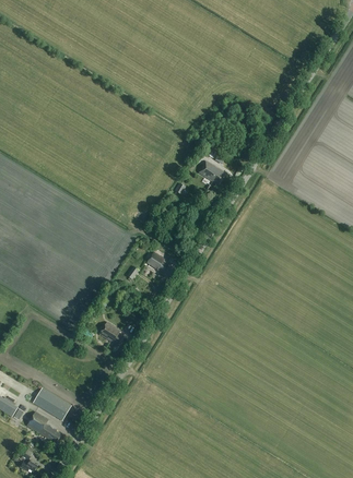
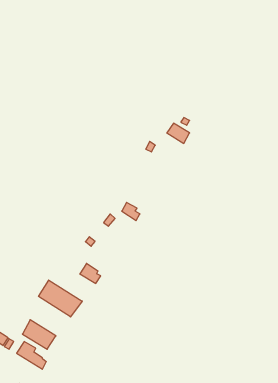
building: none -> [39,280,82,317]

